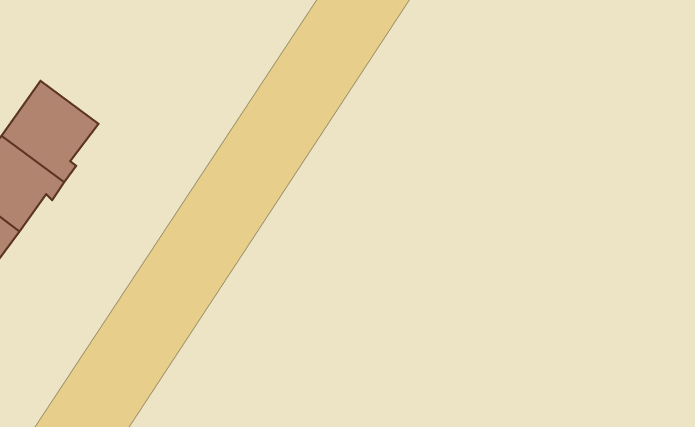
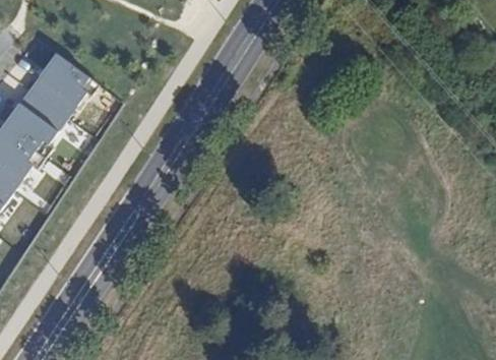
building: none -> [28,52,100,118]

